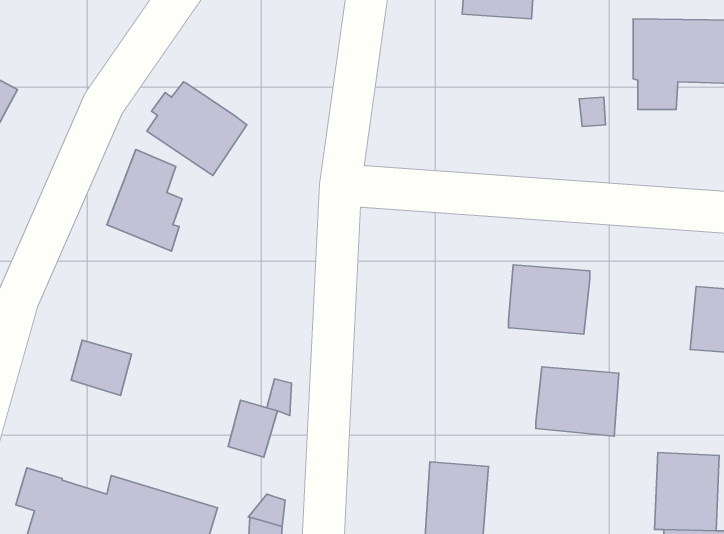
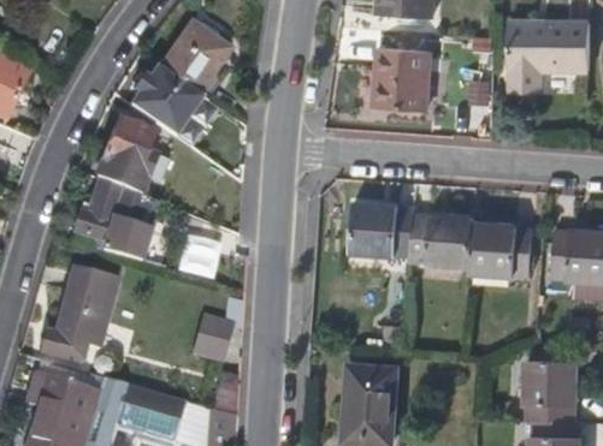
building: none -> [160,23,227,94]
building: none -> [368,46,427,112]
building: none -> [78,180,154,258]
building: none -> [351,201,415,254]
building: [536,367,619,436] -> [471,221,536,275]
building: none -> [43,301,108,363]

